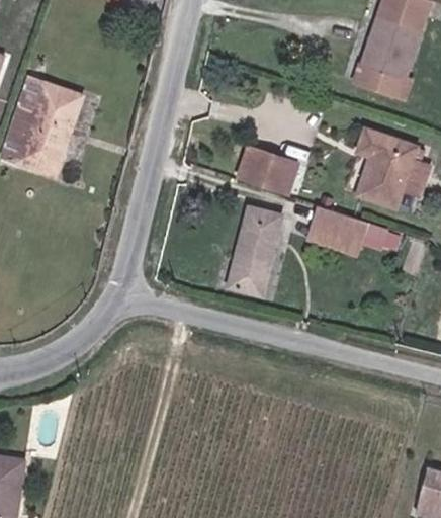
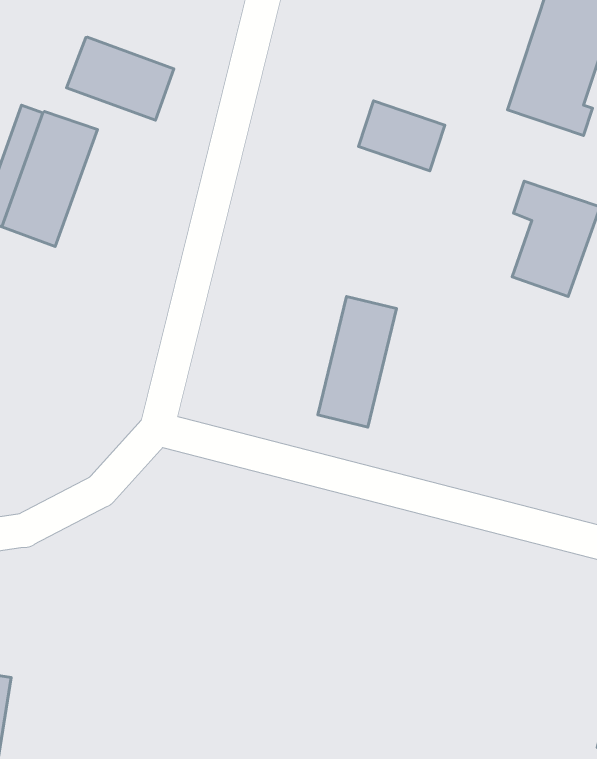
building: none -> [67,37,174,120]
building: [235,148,292,194] -> [358,101,445,171]
building: [307,206,386,254] -> none

